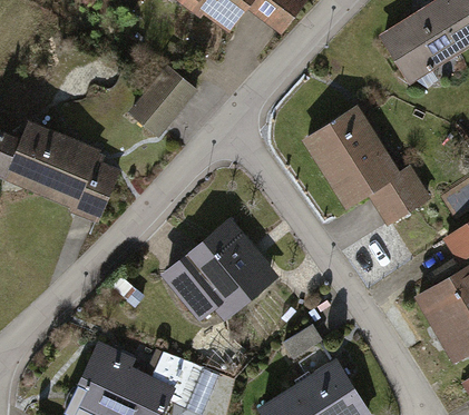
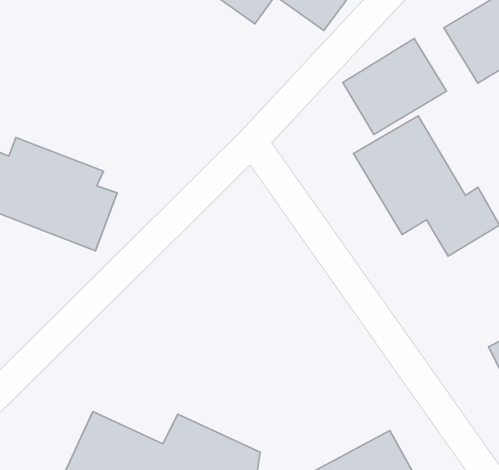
building: none -> [343,39,446,135]
building: [133,66,199,135] -> none
building: [163,220,276,322] -> none

